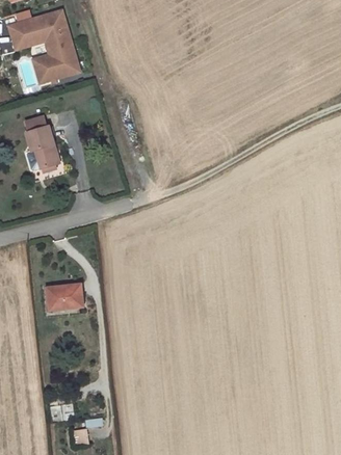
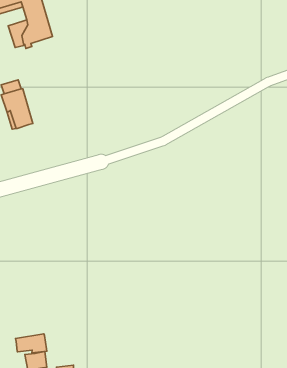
building: [46,284,82,309] -> none
building: none -> [15,334,47,353]

